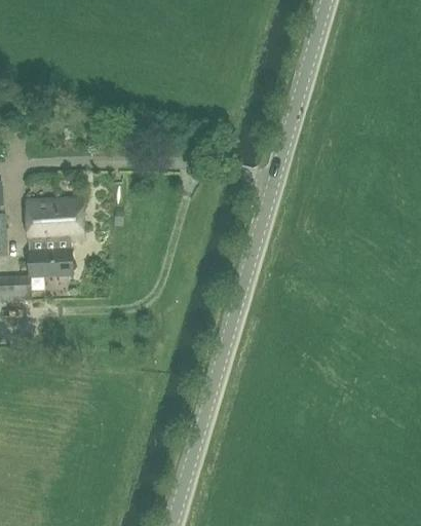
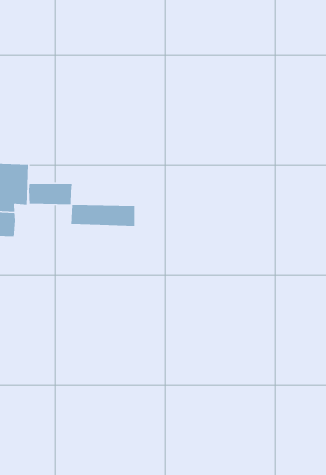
building: none -> [28,183,135,227]

